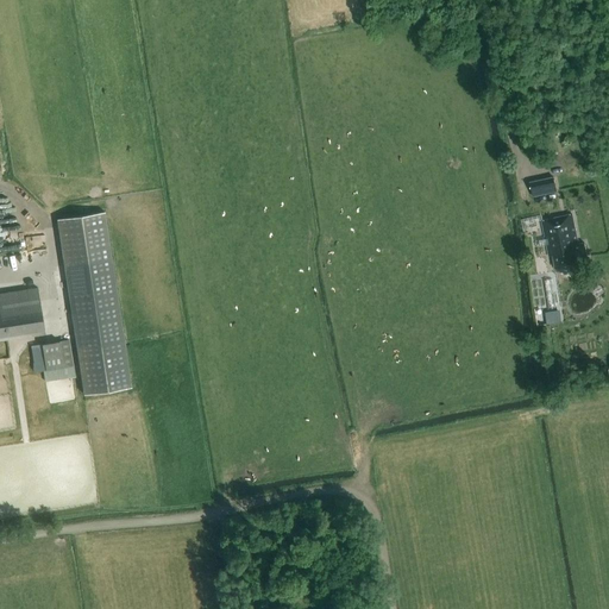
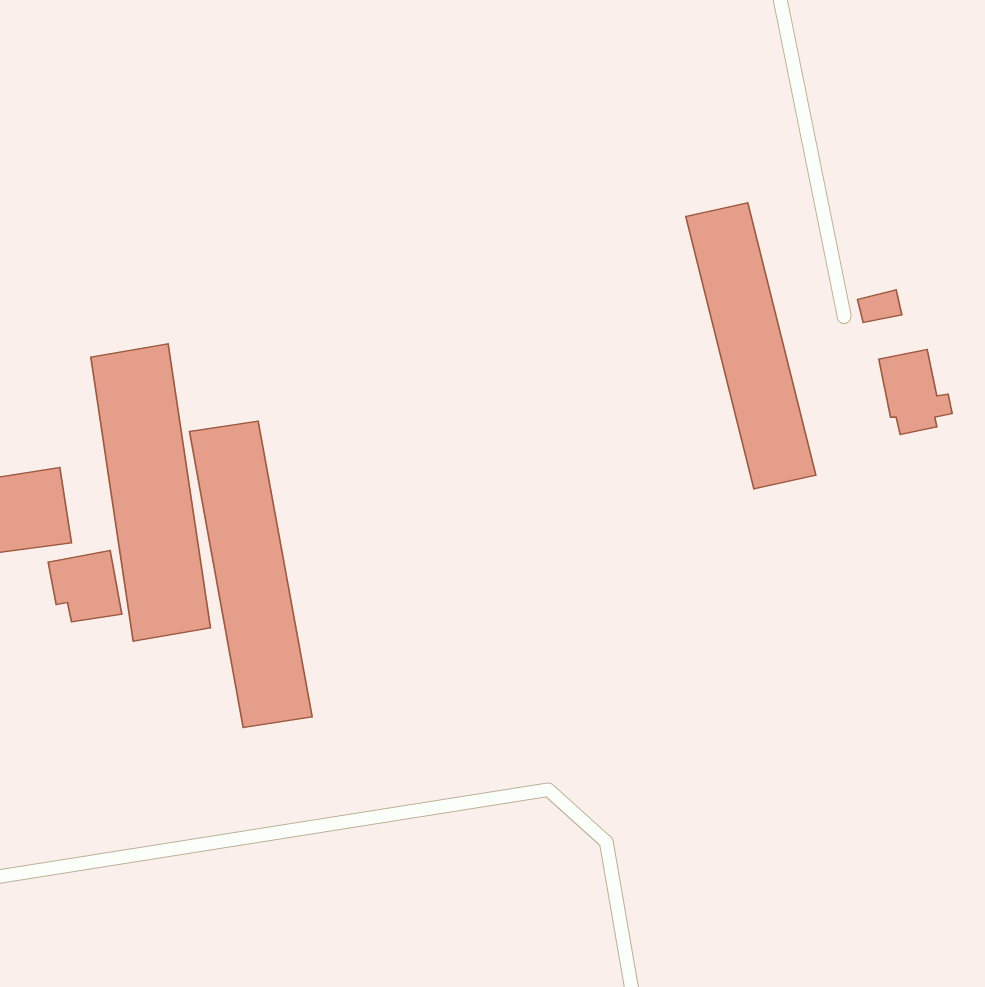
building: none -> [686,203,816,489]
building: none -> [190,421,312,727]

